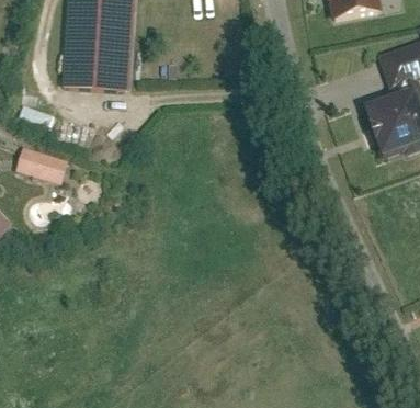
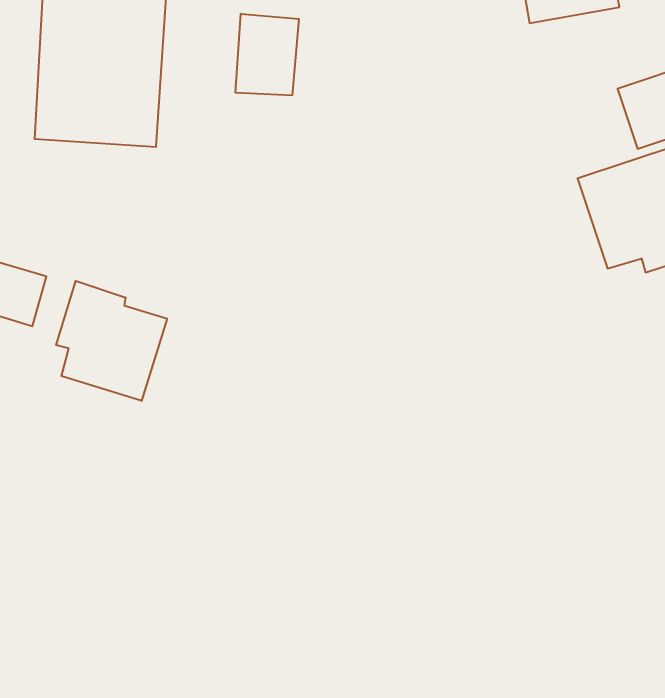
building: none -> [236,14,299,95]
building: none -> [56,281,167,401]

